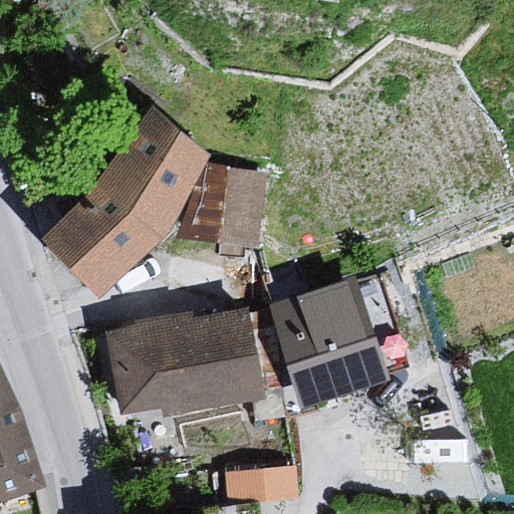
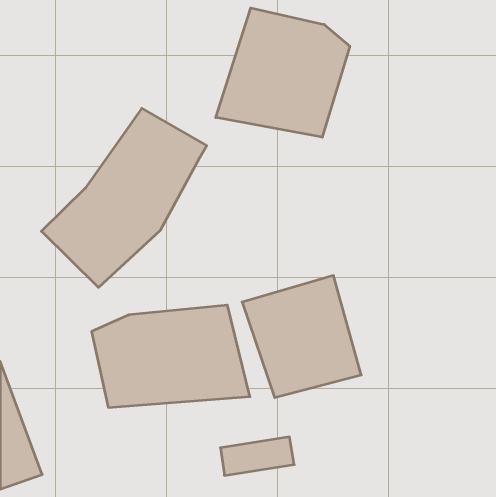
building: none -> [216,8,350,137]
building: [169,161,260,255] -> none

